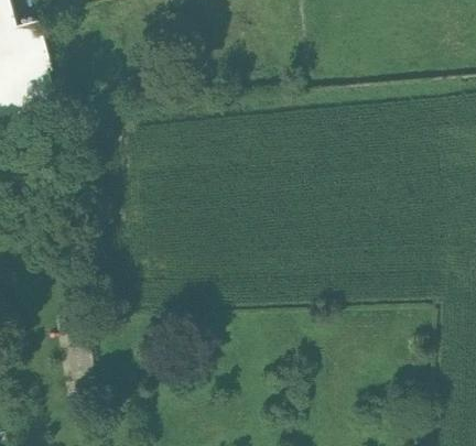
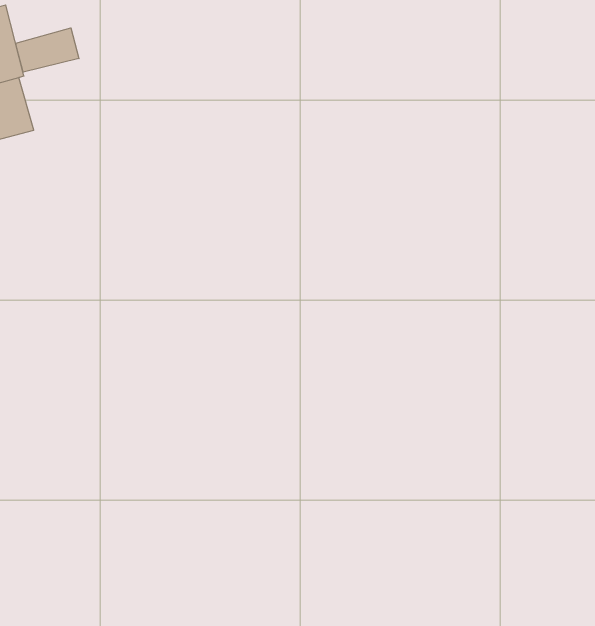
building: none -> [16,28,79,72]

